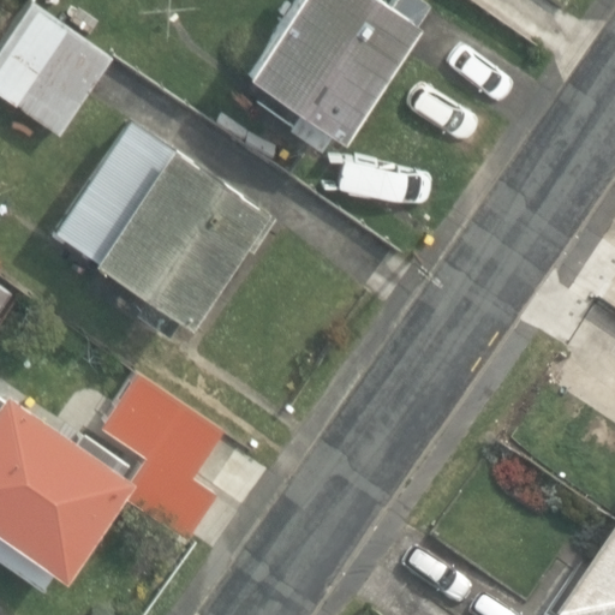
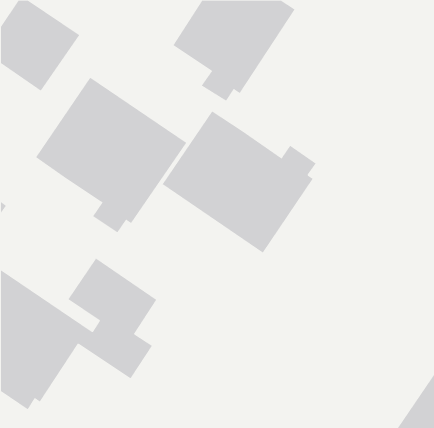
building: none -> [162,110,316,253]

